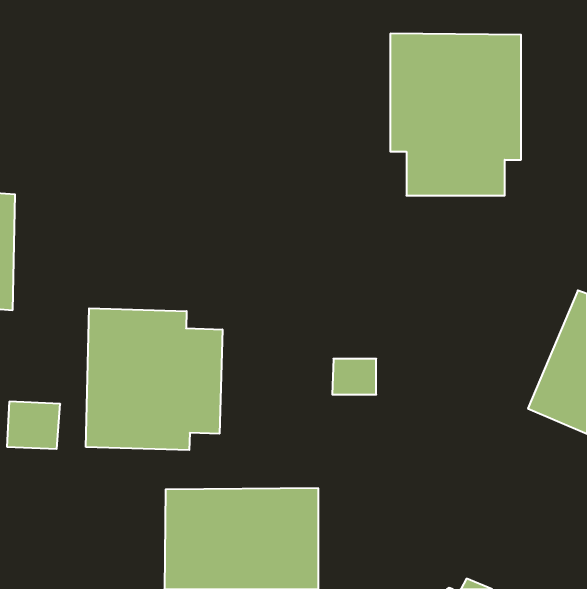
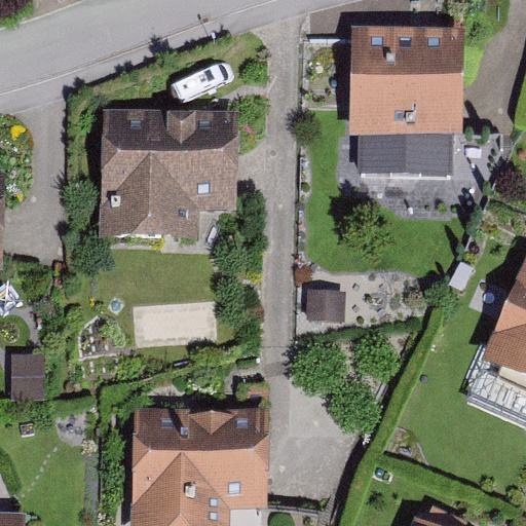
building: none -> [98,107,240,239]
building: [86,308,222,450] -> none

